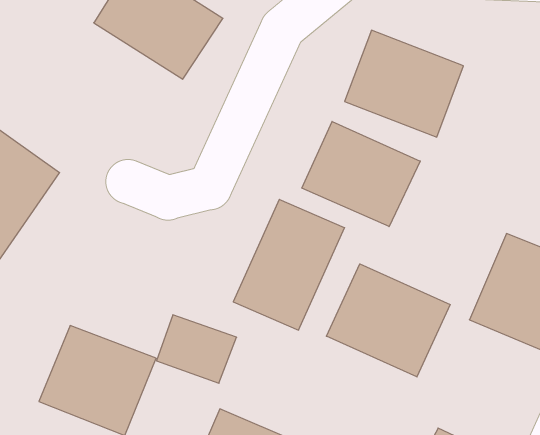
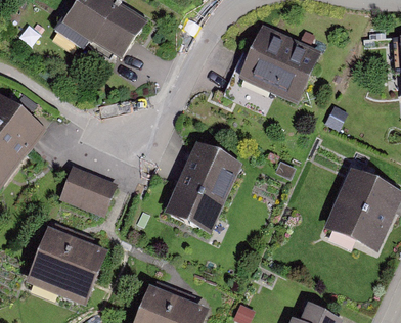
building: [302,121,420,227] -> none
building: [326,264,450,377] -> none
building: [157,315,237,383] -> [59,169,115,216]

